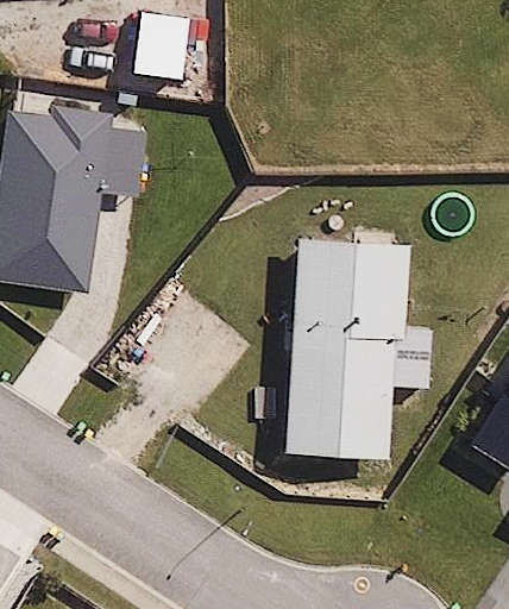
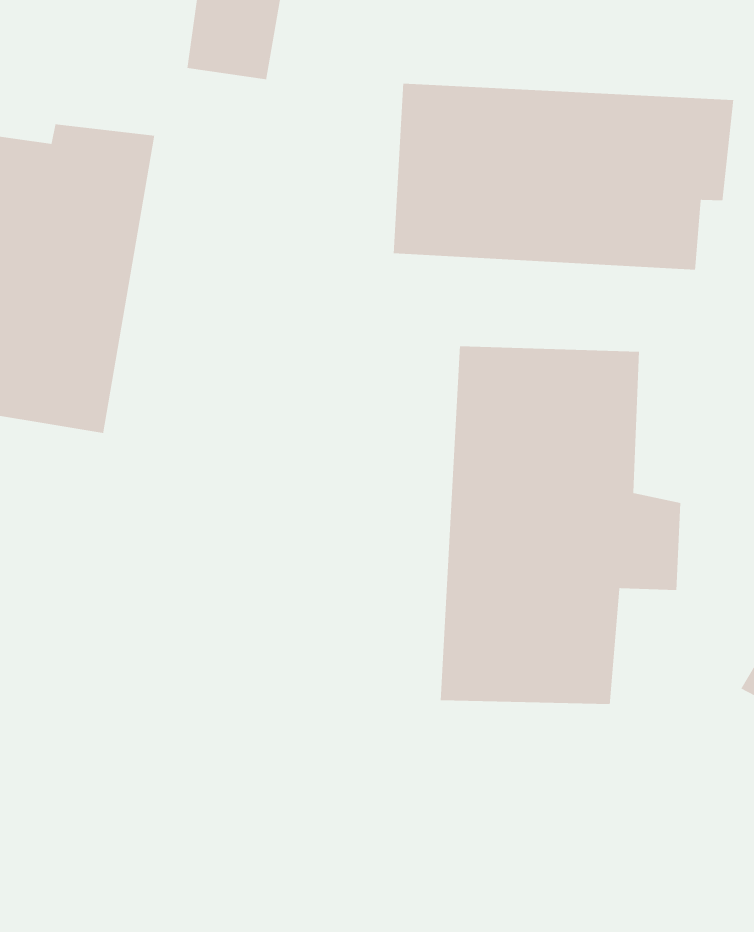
building: none -> [393,83,734,271]

